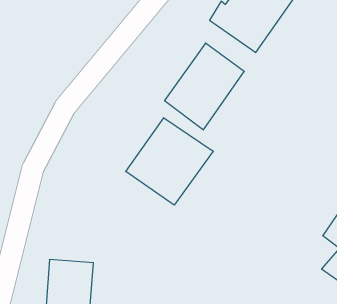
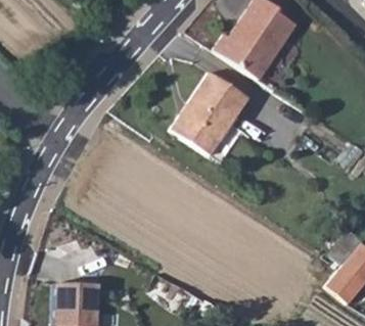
building: [126,118,213,205] -> none

